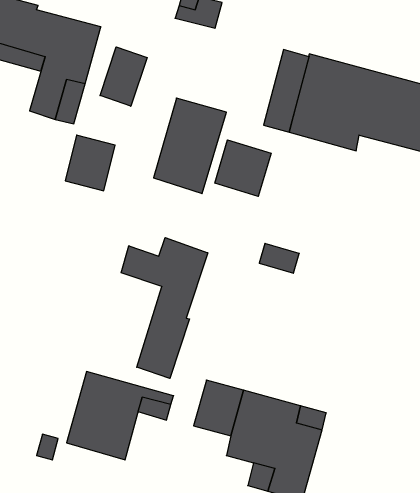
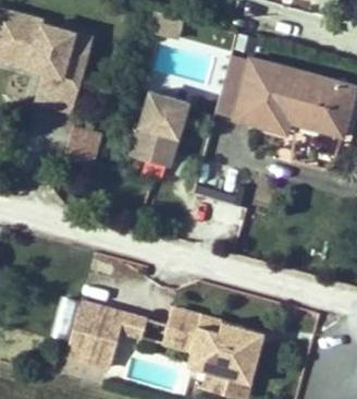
building: [100,47,147,106] -> none
building: [215,140,271,196] -> none
building: [121,238,208,378] -> none

